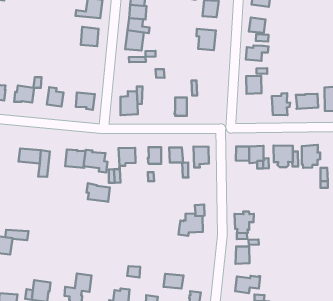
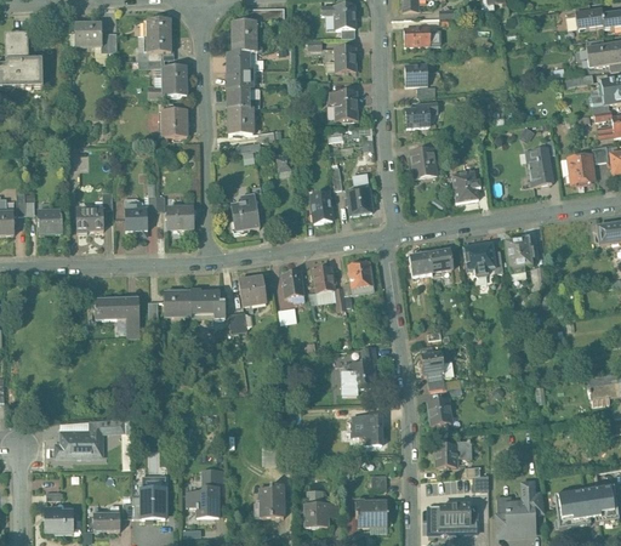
building: [296,94,318,109] -> none
building: none -> [346,187,371,215]
building: [87,183,110,202] -> none
building: [164,274,183,289] -> [353,416,380,437]

